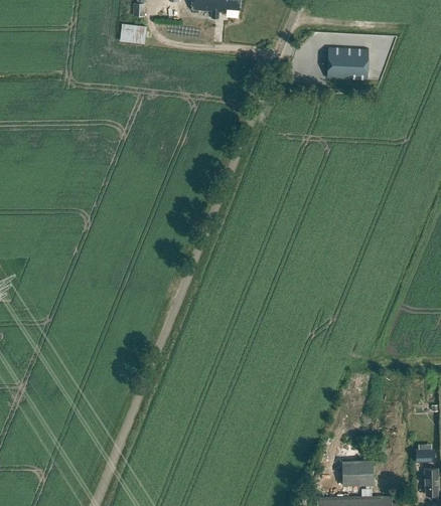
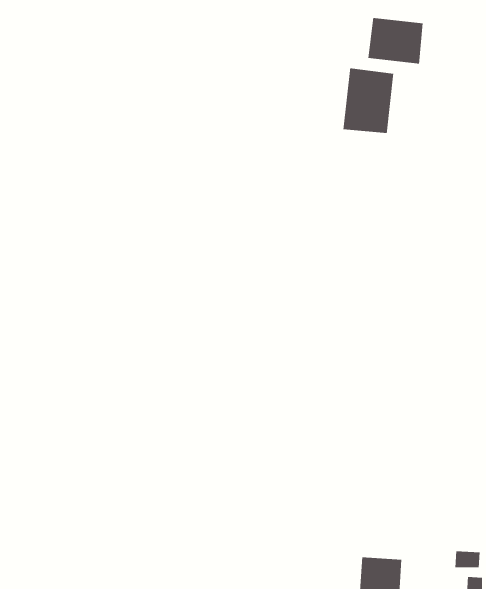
building: none -> [343,67,394,134]

